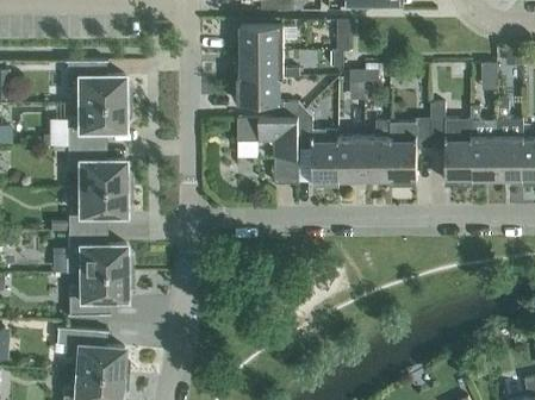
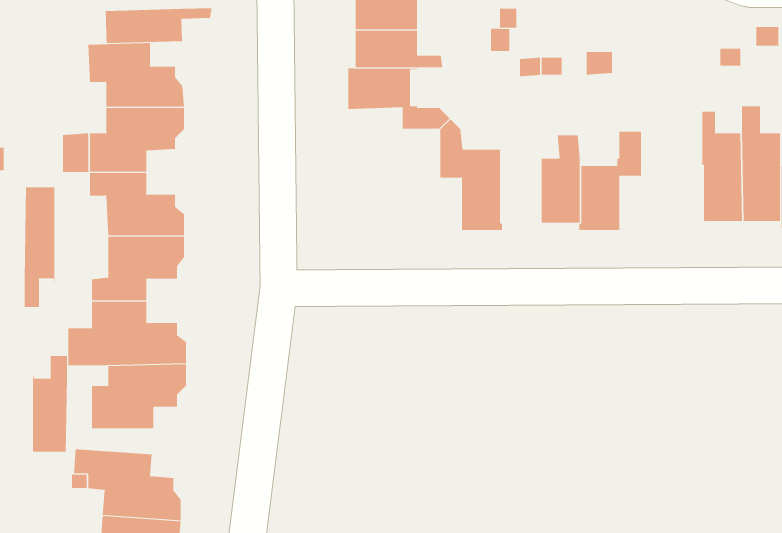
building: none -> [105,7,212,44]
building: [430,102,472,182] -> none
building: [236,117,297,183] -> none
building: [337,136,363,179] -> none
building: none -> [24,186,55,308]
building: none -> [33,355,68,453]

